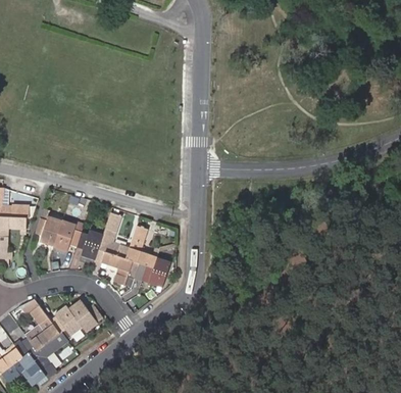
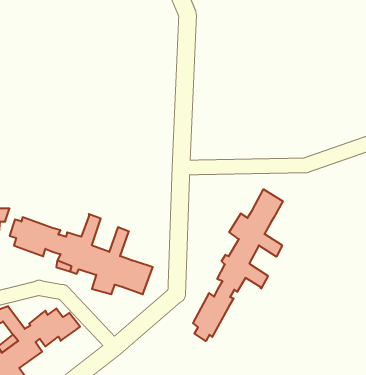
building: none -> [193,189,283,341]

